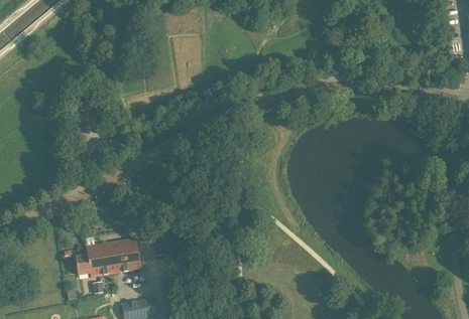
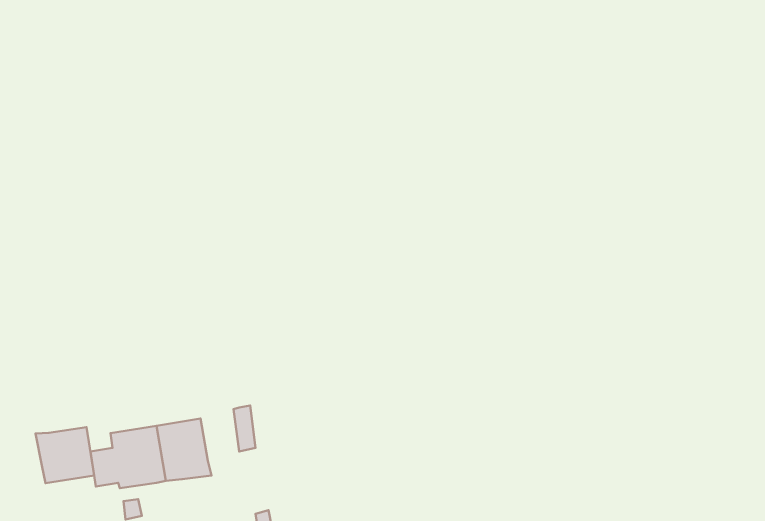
building: none -> [36,427,94,483]

